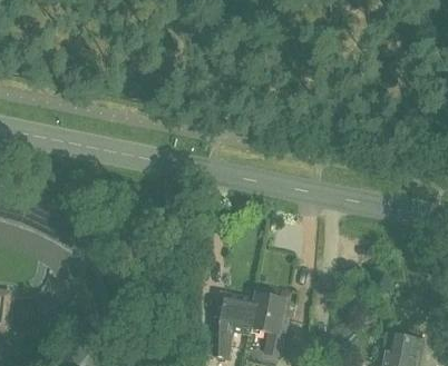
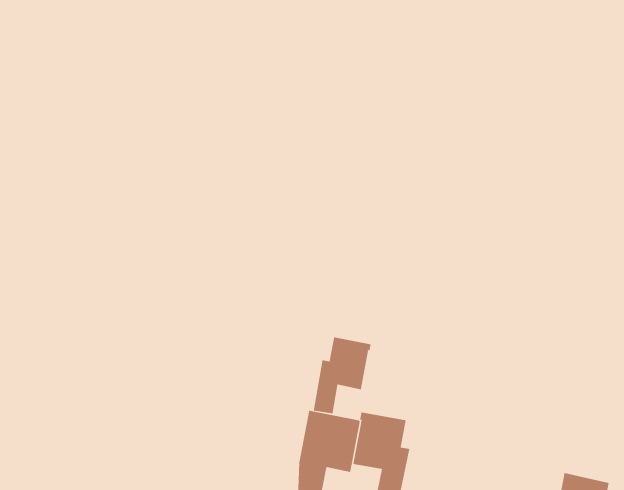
building: none -> [313,337,371,414]

